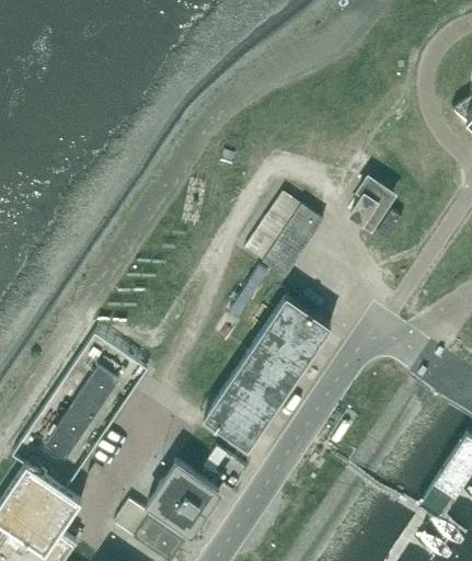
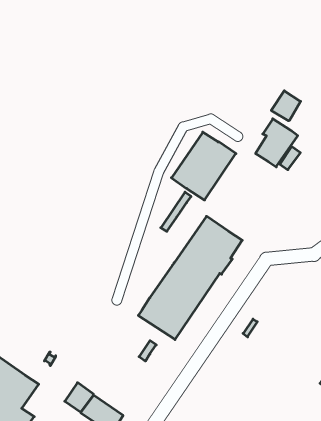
building: none -> [271,91,301,121]
building: [45,368,118,460] -> none
building: [147,462,218,534] -> none

